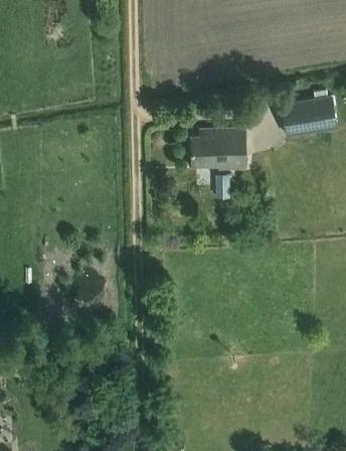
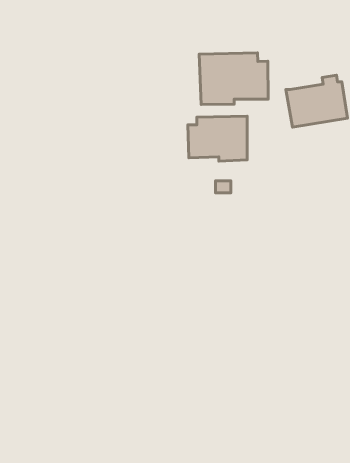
building: none -> [199,53,268,104]

